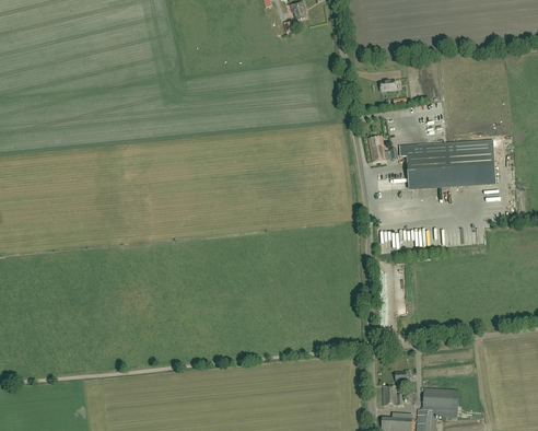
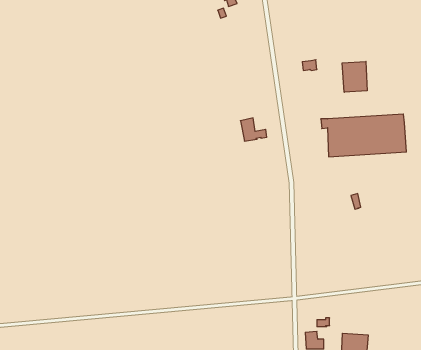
building: none -> [342,61,367,92]
building: [367,135,397,161] -> [240,118,267,141]

